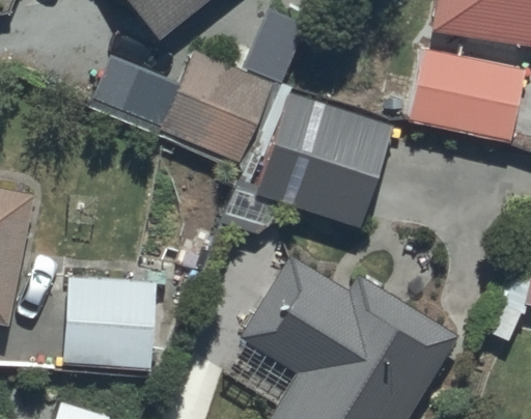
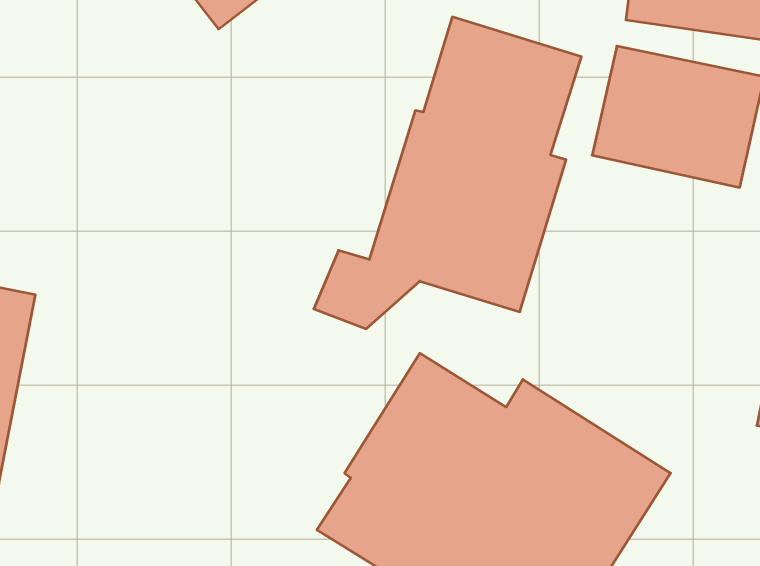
building: [87,50,271,166] -> none
building: [65,272,157,357] -> none

